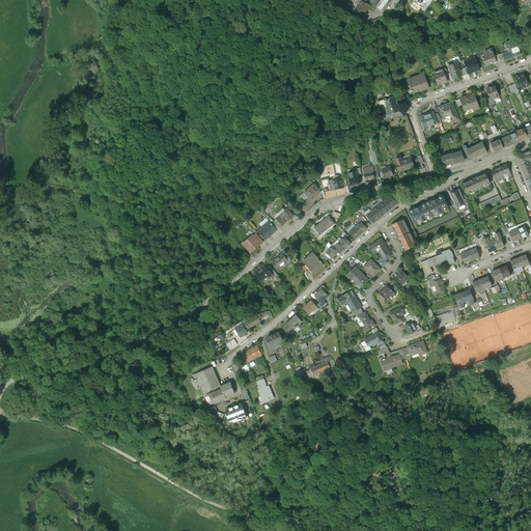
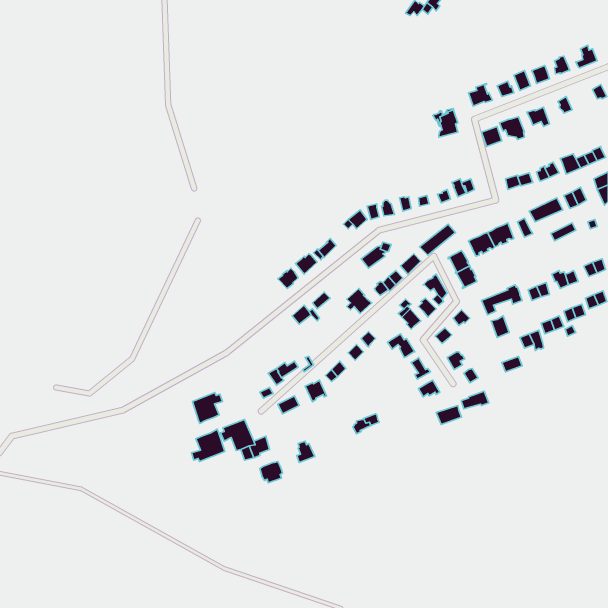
building: none -> [192,393,222,424]
building: none -> [191,429,225,461]

